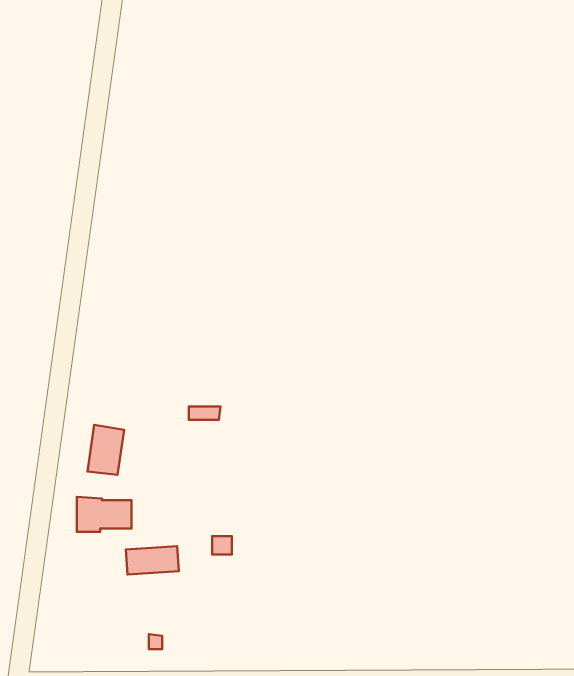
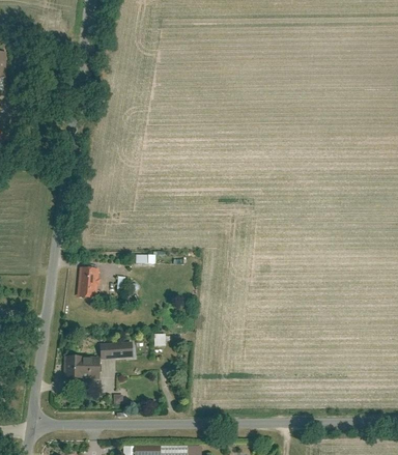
building: [77,497,132,532] -> [64,356,98,377]

